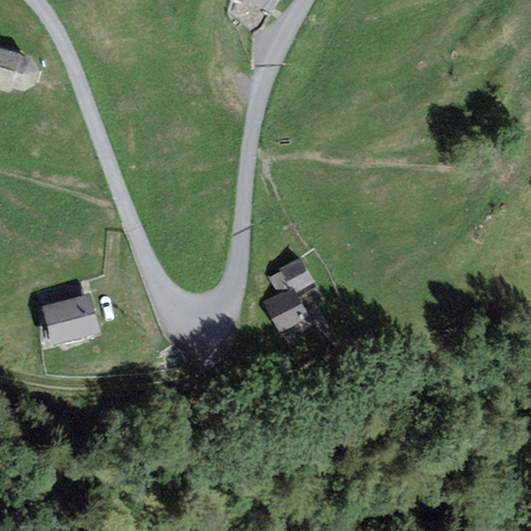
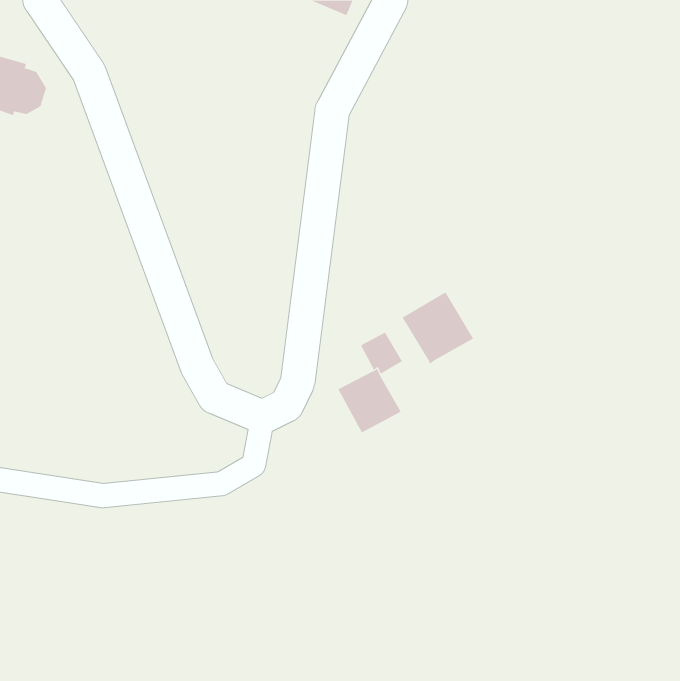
building: none -> [402,291,474,365]
building: [41,291,100,343] -> none

